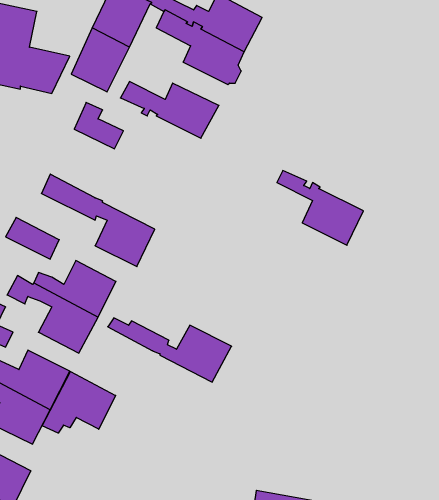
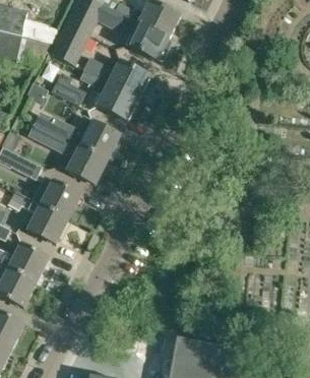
building: [277,171,363,245] -> [79,69,138,120]
building: [108,318,232,382] -> [36,115,120,159]
building: [42,372,116,433] -> none

